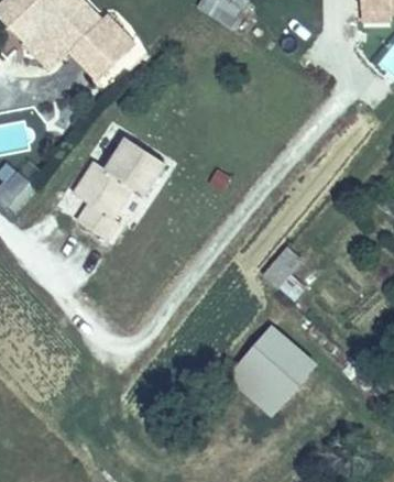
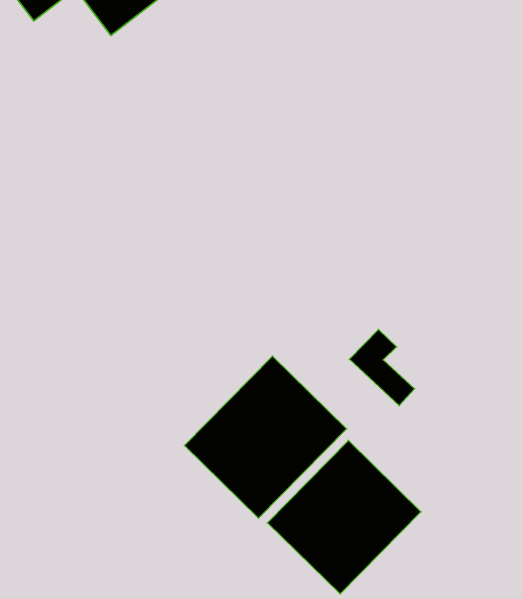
building: [80,141,162,239] -> none
building: none -> [185,356,346,518]

